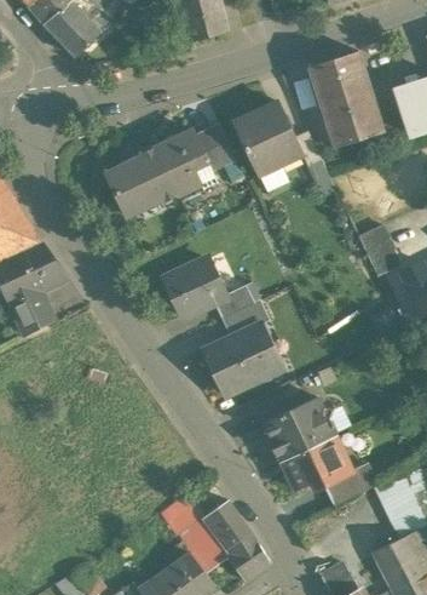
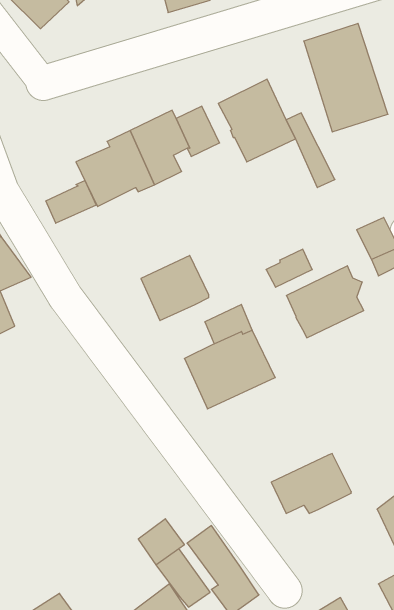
building: none -> [46,181,96,223]
building: [212,284,253,317] -> [266,249,312,287]
building: [261,396,330,460] -> [286,266,364,338]
building: [322,465,370,508] -> none

